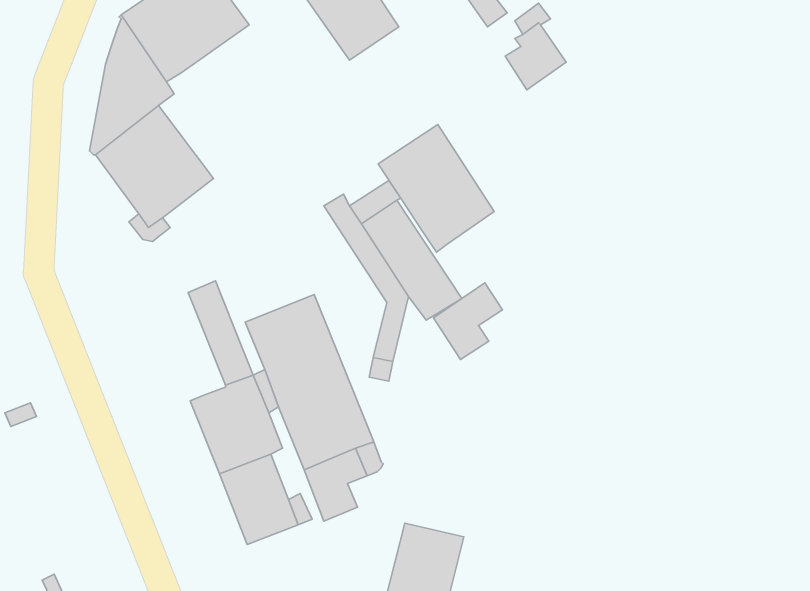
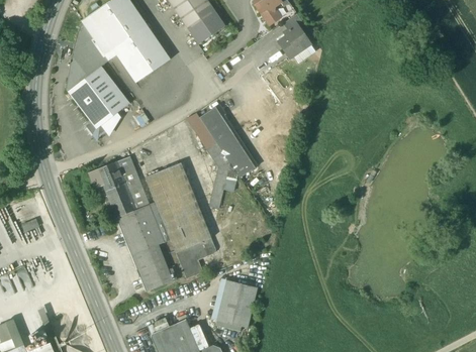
building: none -> [113,25,170,77]
building: [378,124,494,252] -> none
building: [434,283,503,360] -> none
building: none -> [89,161,135,215]

